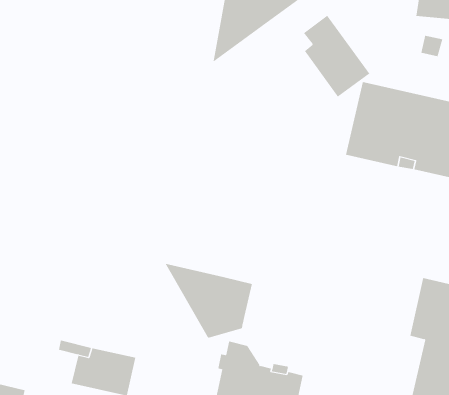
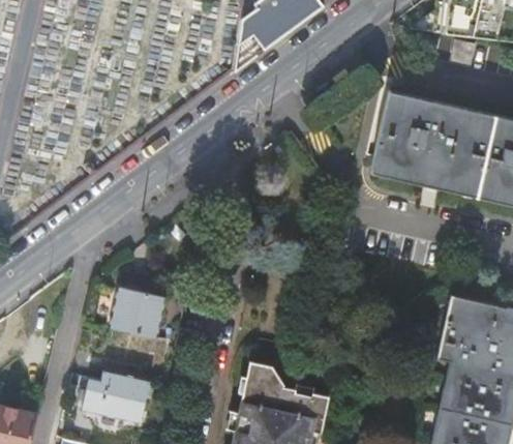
building: [303,15,370,98] -> none
building: [164,263,252,338] -> none
building: none -> [110,288,163,338]

